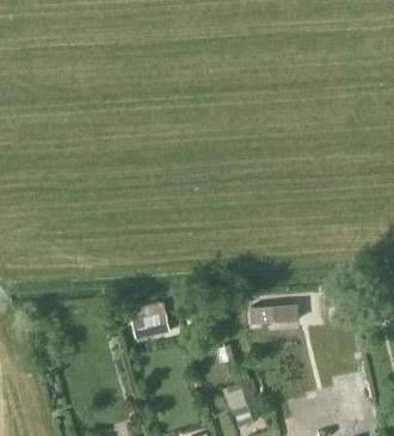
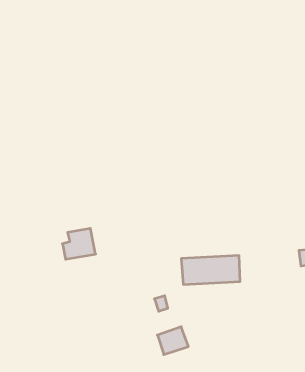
building: [131,302,170,338] -> [62,228,96,259]

